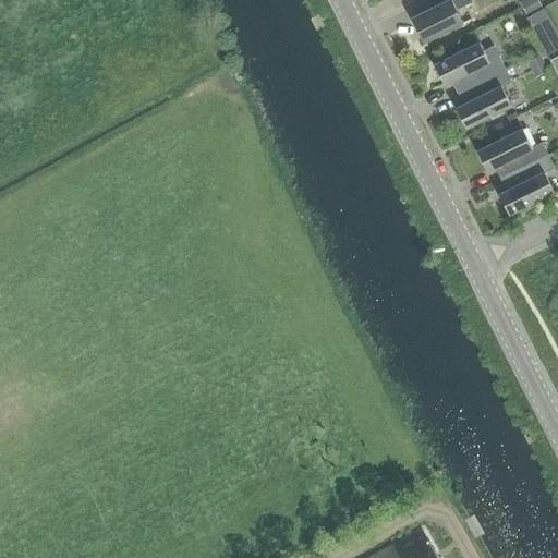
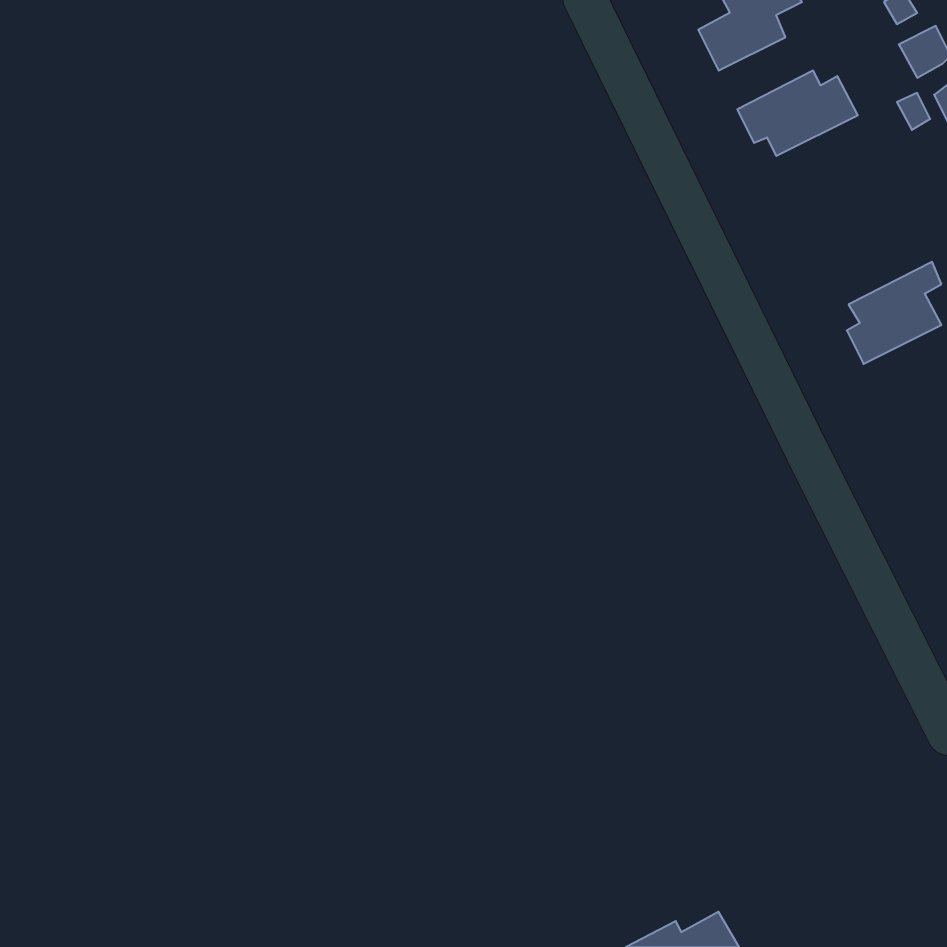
building: [456,68,511,128] -> none
building: [477,128,548,179] -> none

